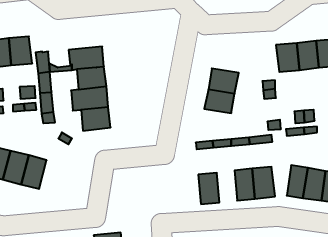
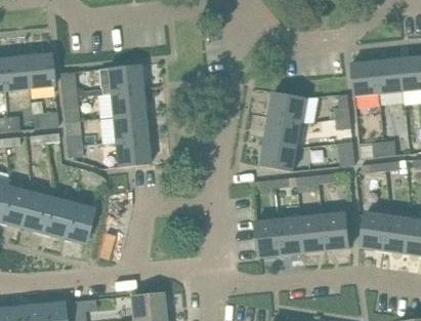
building: none -> [259,141,296,170]
building: none -> [62,203,93,244]
building: none -> [279,215,303,254]

